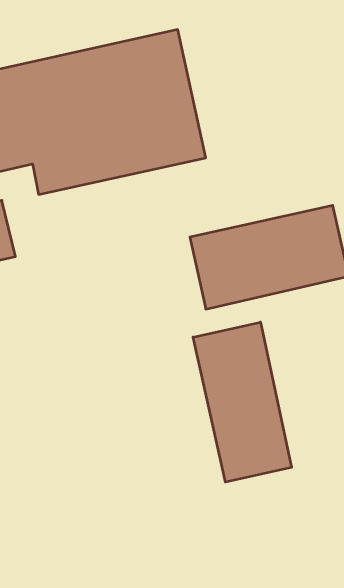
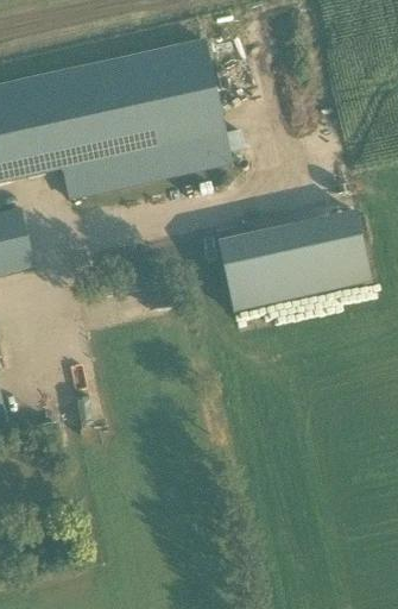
building: [193,322,292,482] -> none

